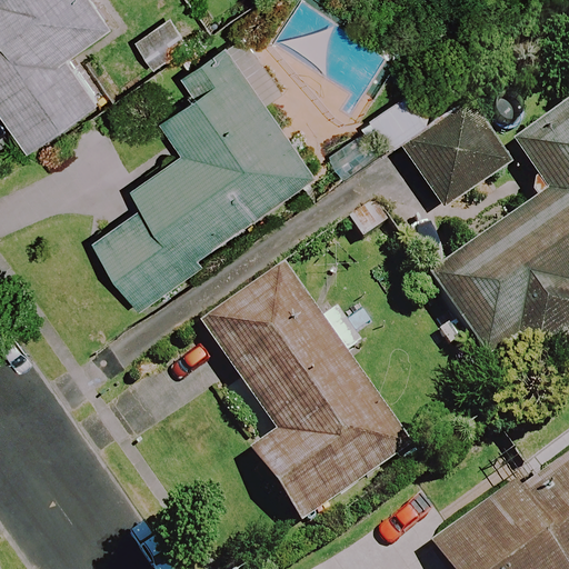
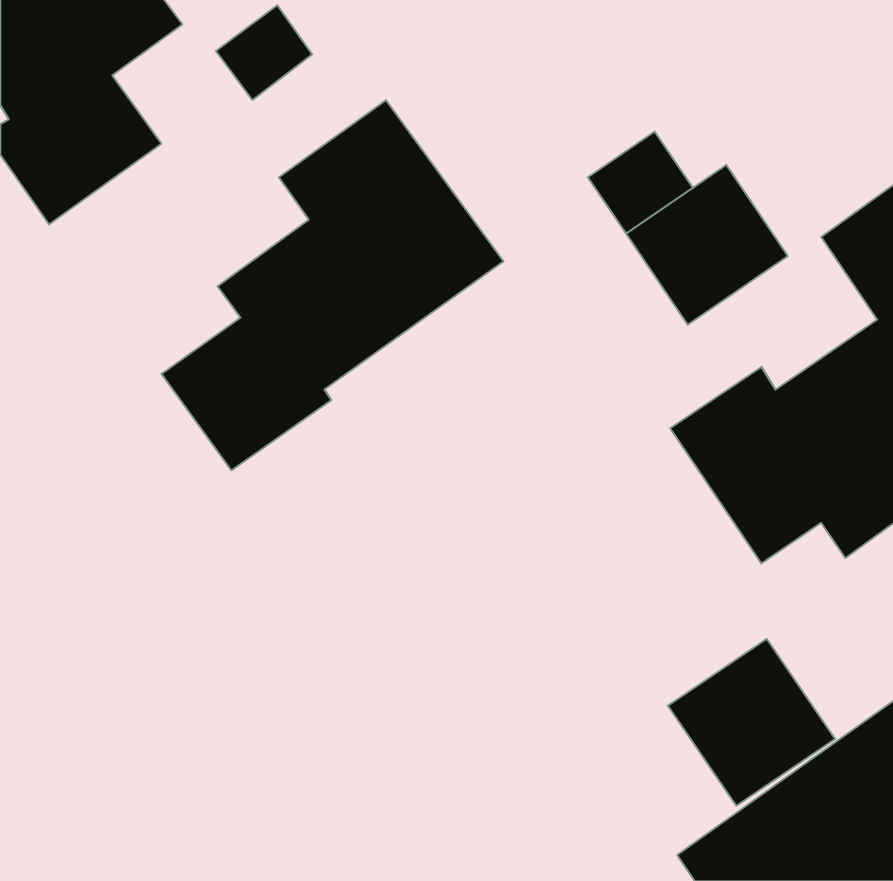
building: [202,266,407,518] -> none
building: none -> [668,639,835,806]

